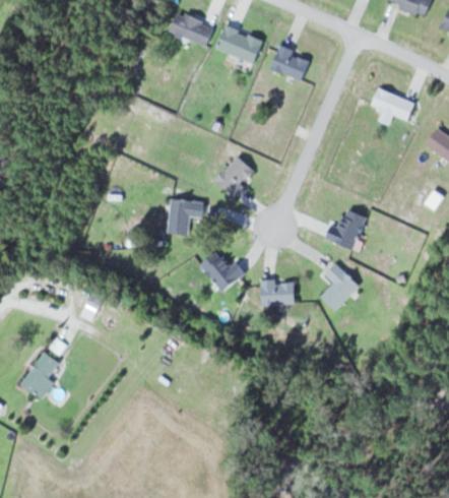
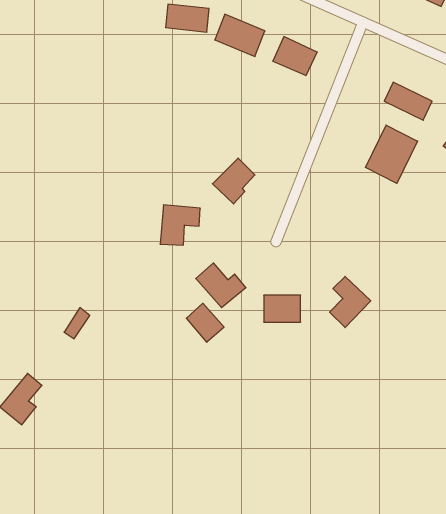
building: none -> [366,125,418,183]
building: [325,208,366,249] -> none
building: none -> [186,303,224,342]

